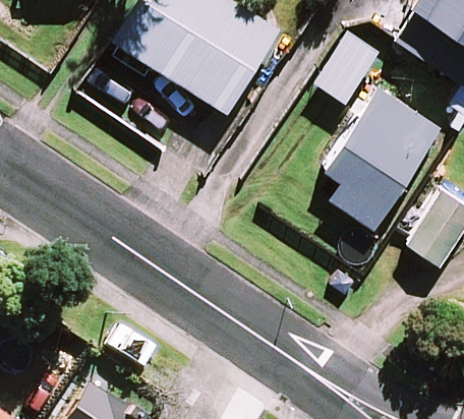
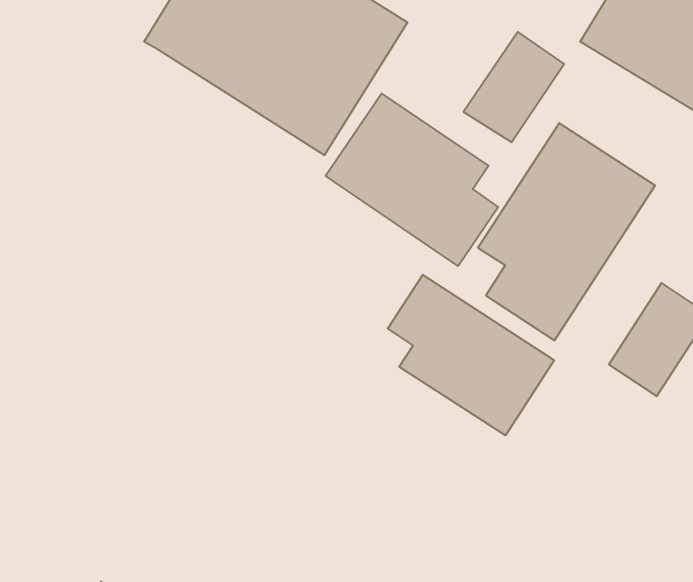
building: none -> [326,93,498,266]
building: none -> [388,275,554,435]

